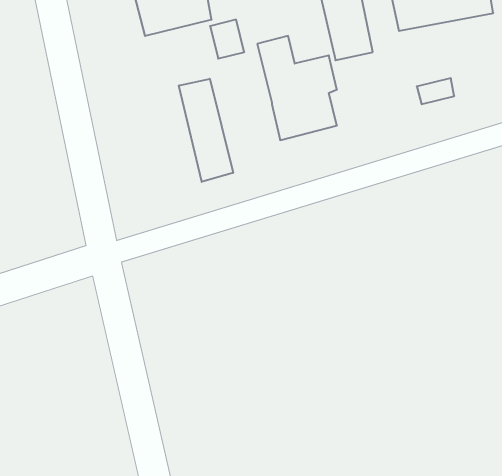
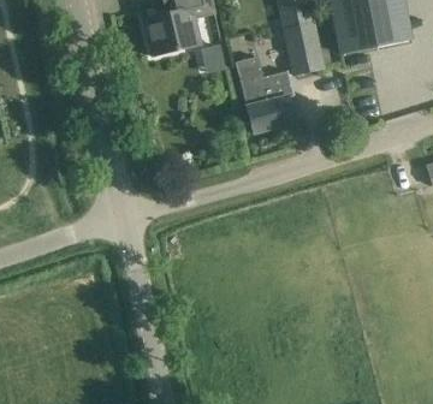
building: [179,79,233,182] -> none

